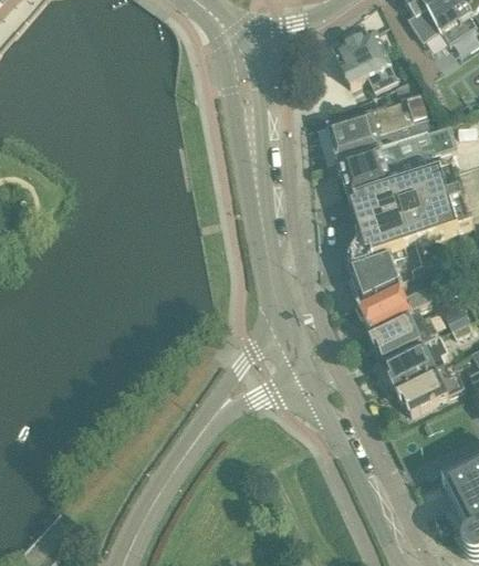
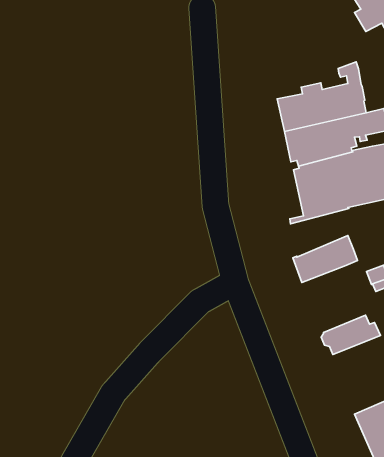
building: [331,25,395,87] -> none
building: [347,241,421,301] -> none
building: [367,306,436,356] -> none
building: [385,334,446,385] -> none

